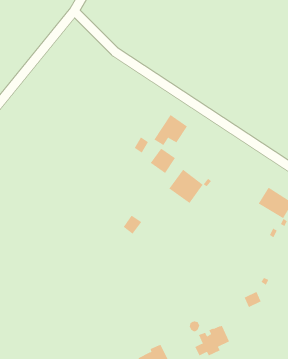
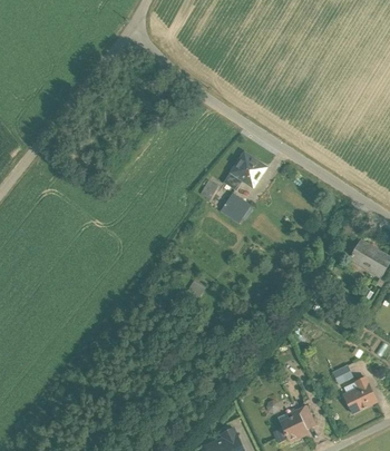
building: [169,169,212,204] -> none
building: none -> [343,375,377,412]

